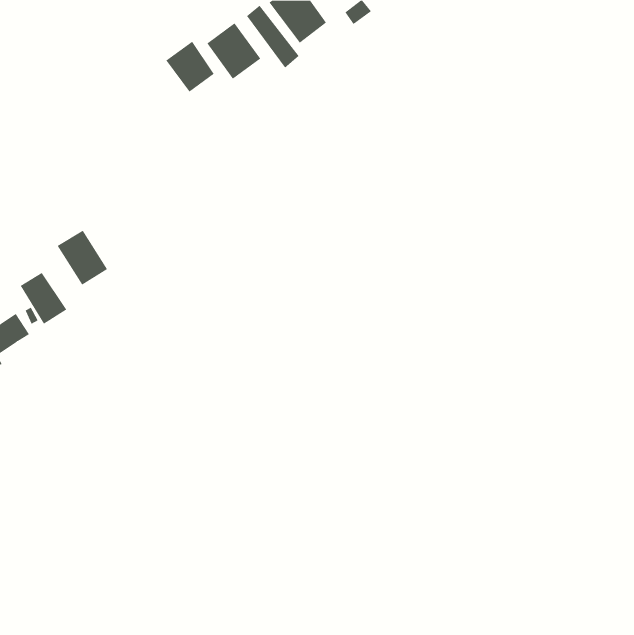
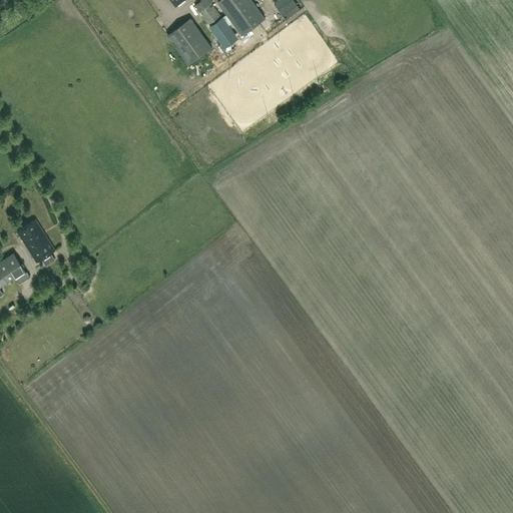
building: [165,41,215,93] -> none
building: [57,230,108,286] -> none

